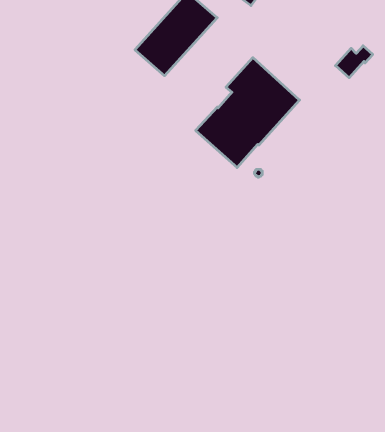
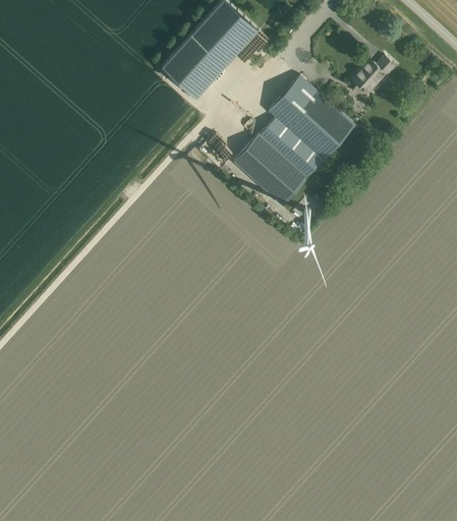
building: [335,46,373,78] -> [353,55,397,93]

